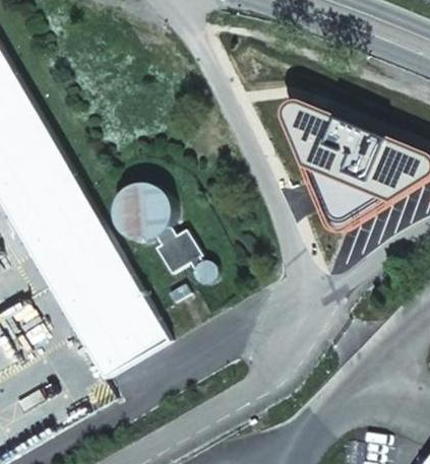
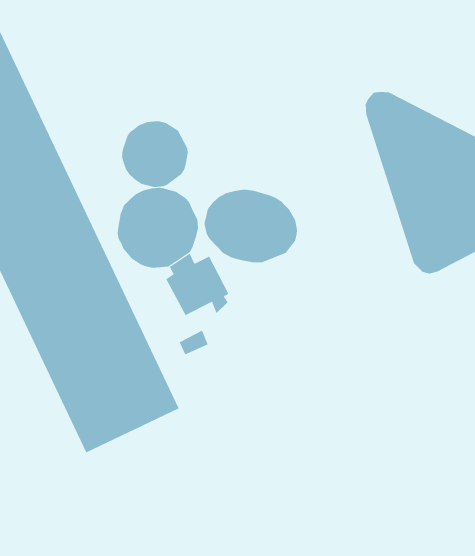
building: none -> [122,120,188,188]
building: none -> [204,189,297,263]

